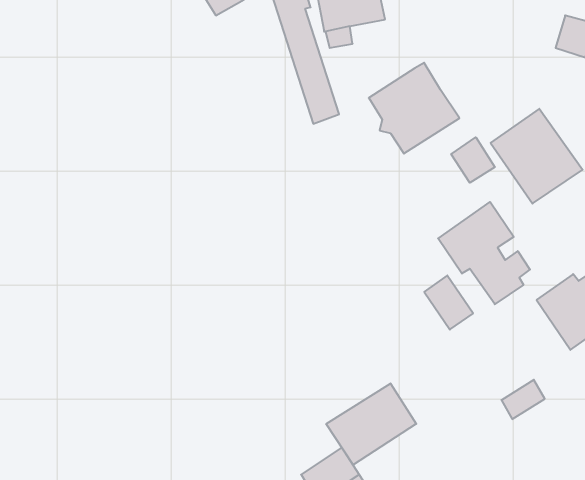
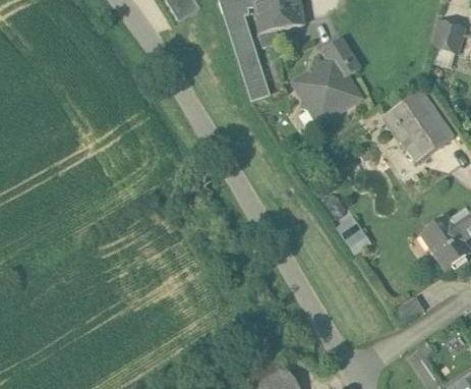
building: none -> [321,37,361,75]
building: [451,137,495,183] -> none
building: [438,202,530,304] -> none
building: [326,383,416,465] -> none

